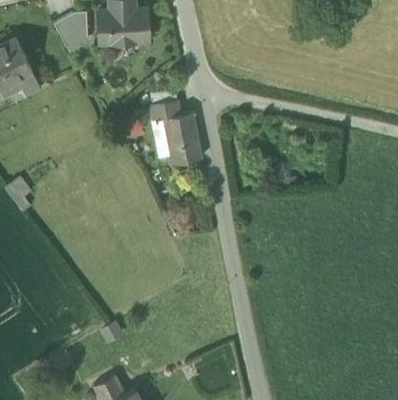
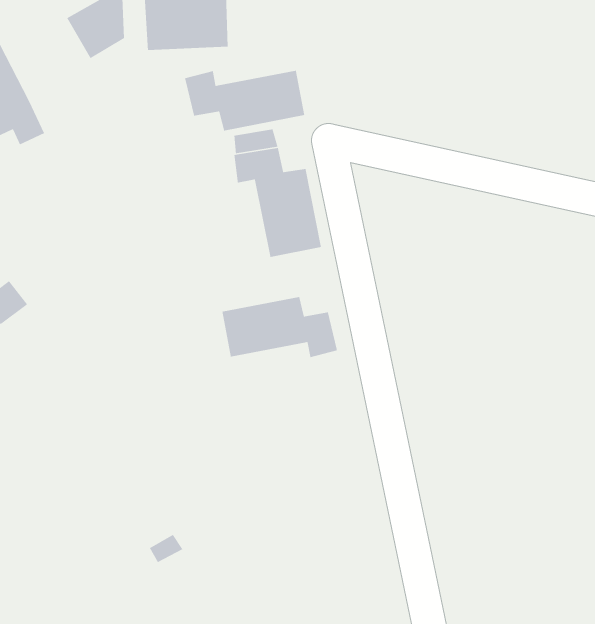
building: none -> [184,70,305,132]
building: none -> [221,296,338,358]

